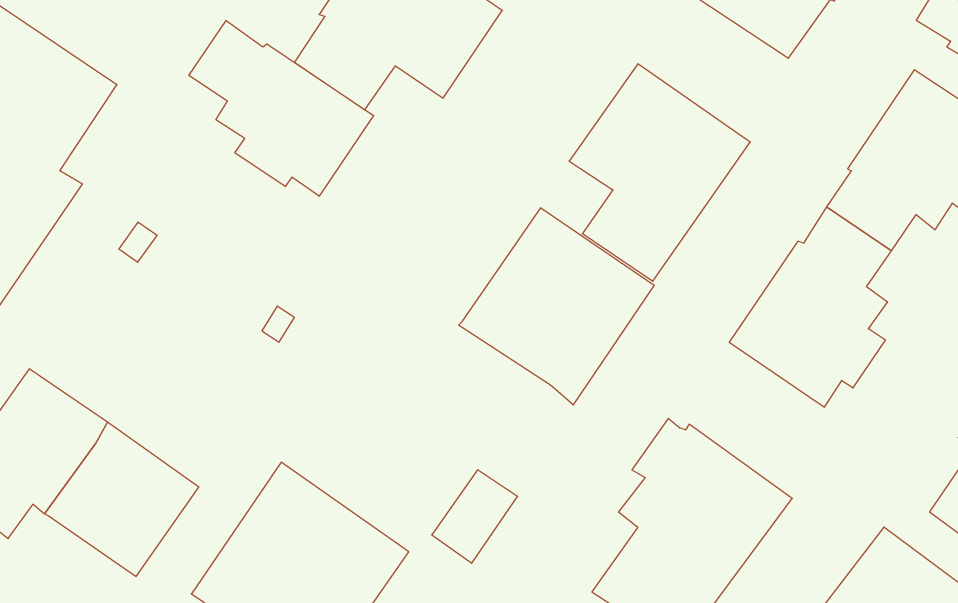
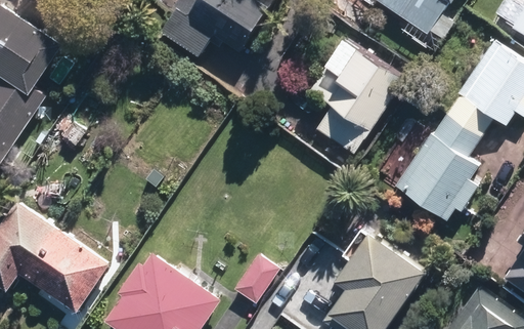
building: [189,21,374,196] -> none
building: [459,208,654,405] -> none

